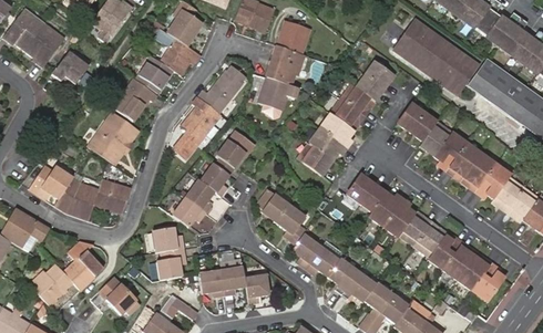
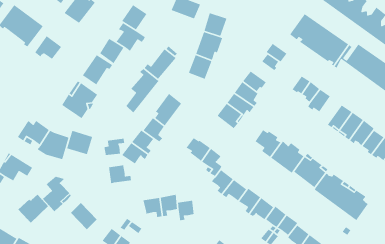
building: [342,83,373,114] -> none
building: [433,133,465,171] -> none
building: [155,247,184,271] -> [104,138,125,156]

